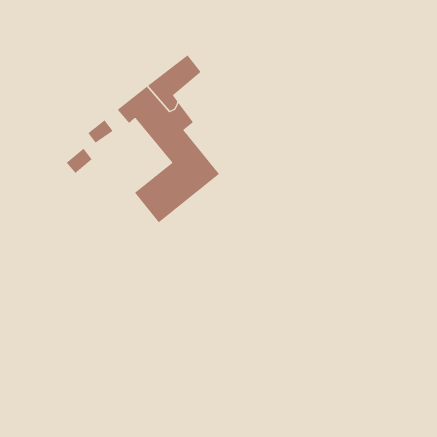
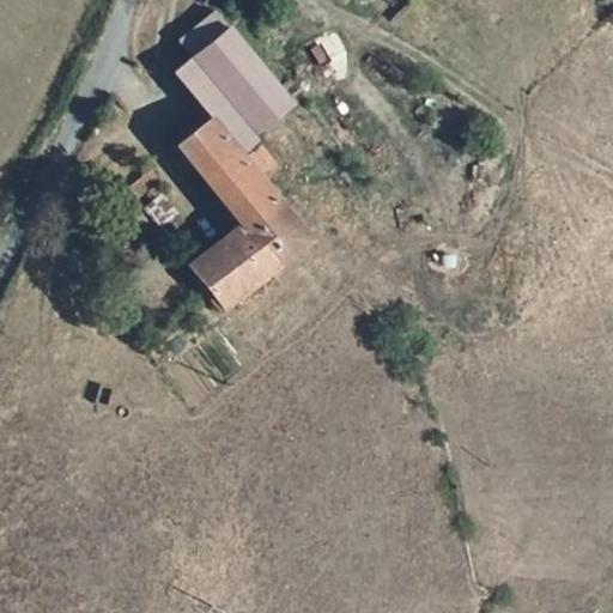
building: none -> [170,25,267,119]

